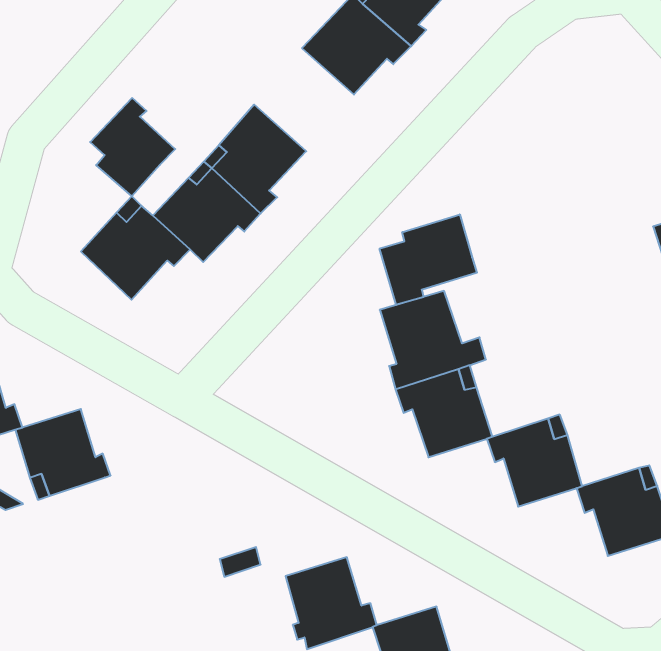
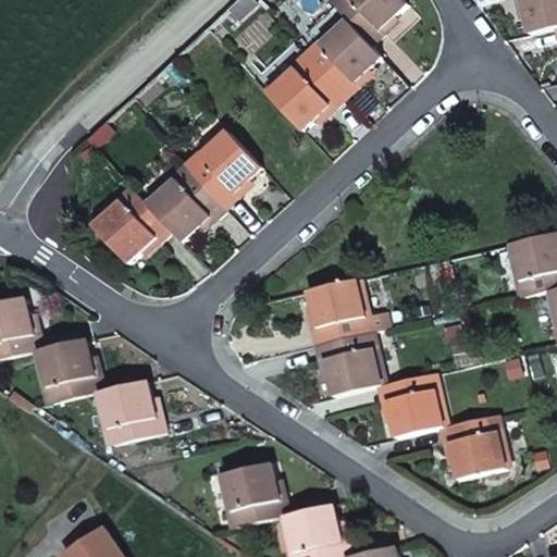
building: [90,98,175,196] -> none
building: [380,214,477,305] -> none
building: none -> [96,379,161,443]

